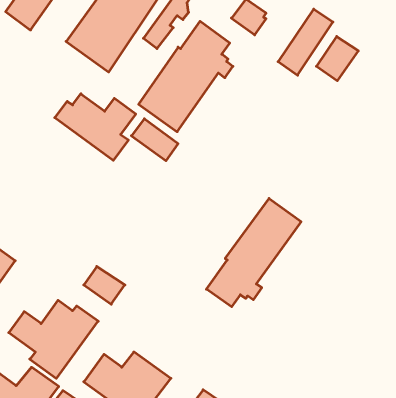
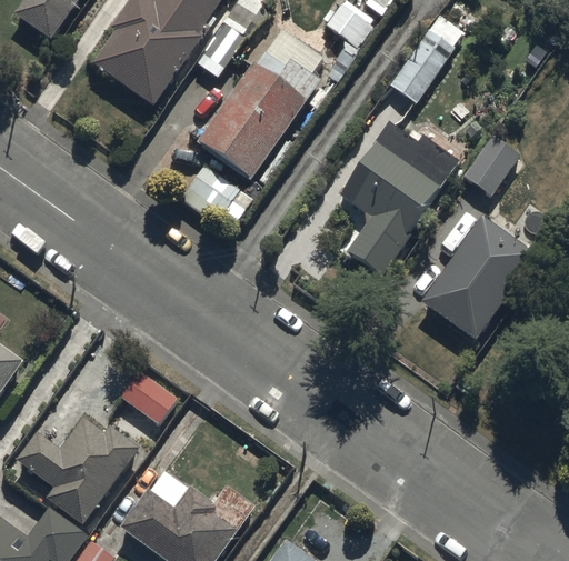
building: [316,36,358,81] -> [461,138,519,199]
building: none -> [315,122,452,274]
building: [55,94,136,160] -> none
building: none -> [423,214,531,334]
building: [206,198,301,307] -> none

